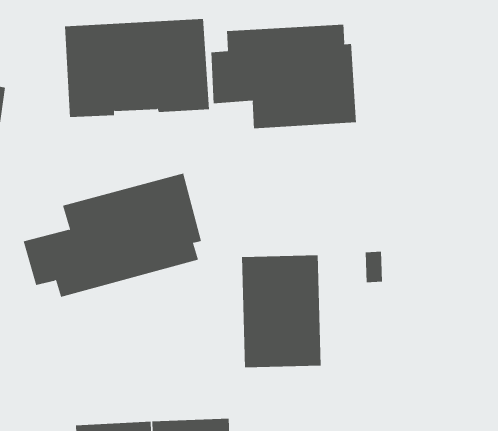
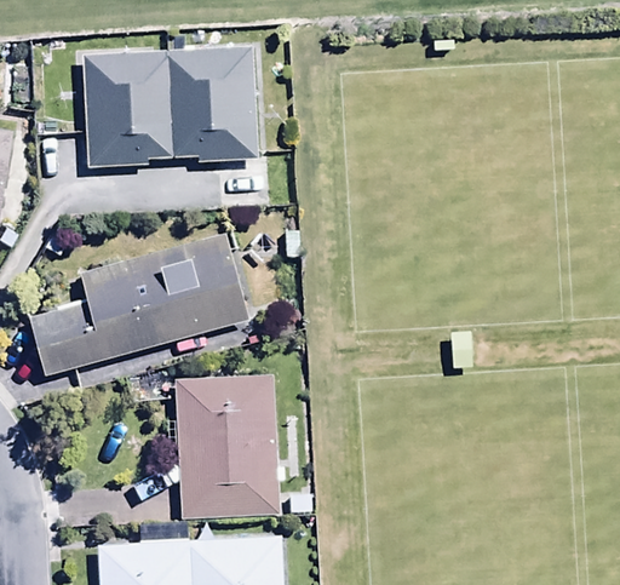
building: [211,24,356,129] -> none
building: [241,255,321,368] -> [176,378,274,516]

